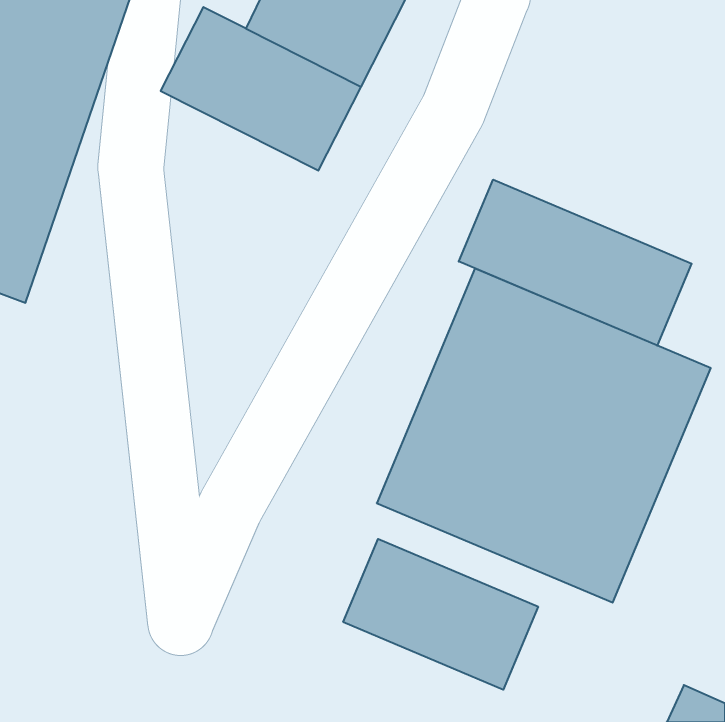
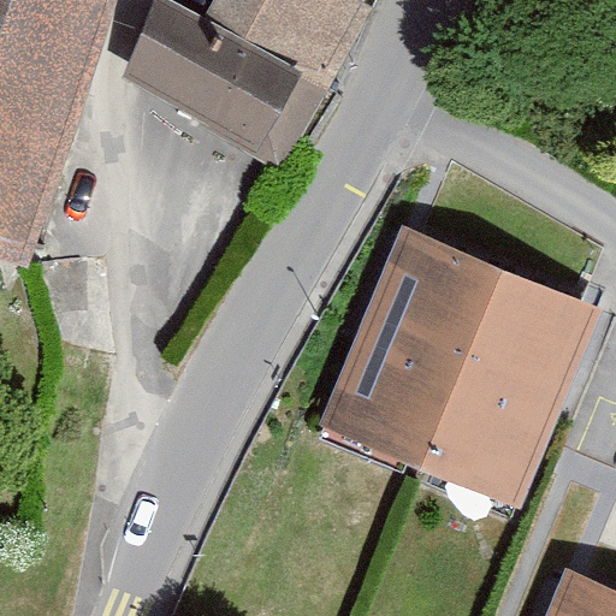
building: [459,180,692,346] -> none
building: [343,539,538,690] -> none

